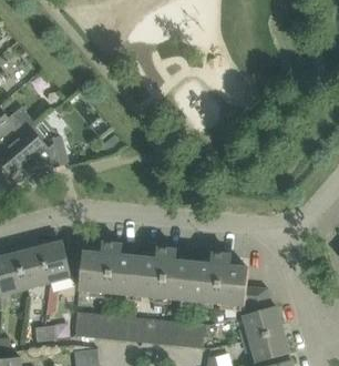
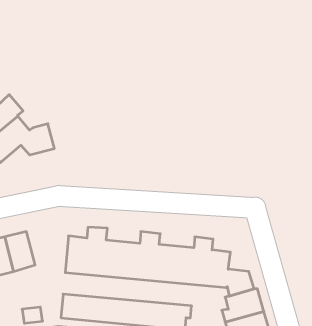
building: [39,242,71,282] -> none

